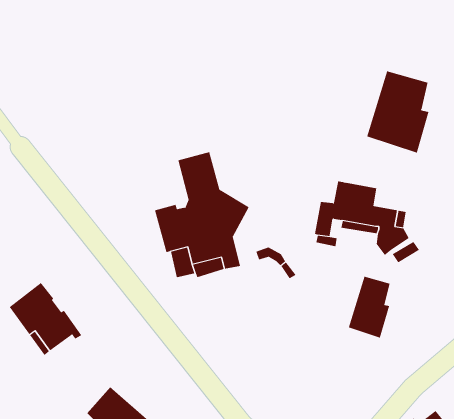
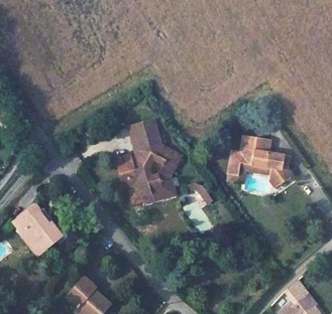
building: [367,70,429,154] -> none
building: [348,276,390,338] -> none

